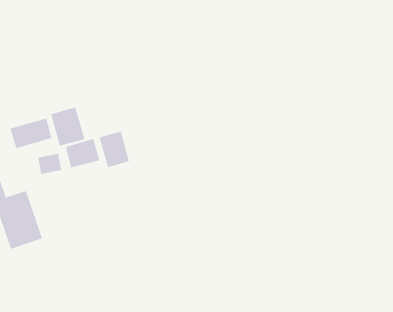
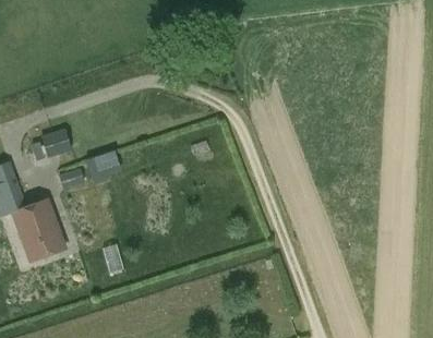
building: [51,106,85,146] -> none
building: [99,131,130,168] -> none

